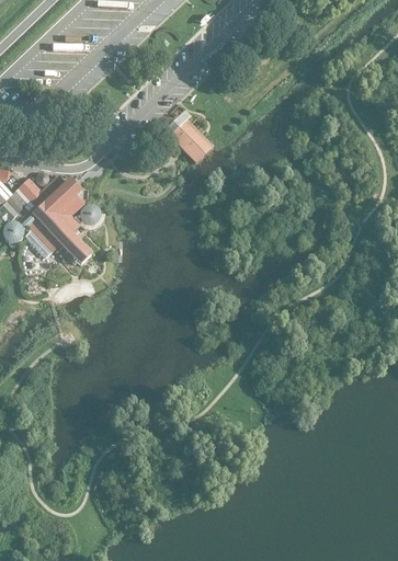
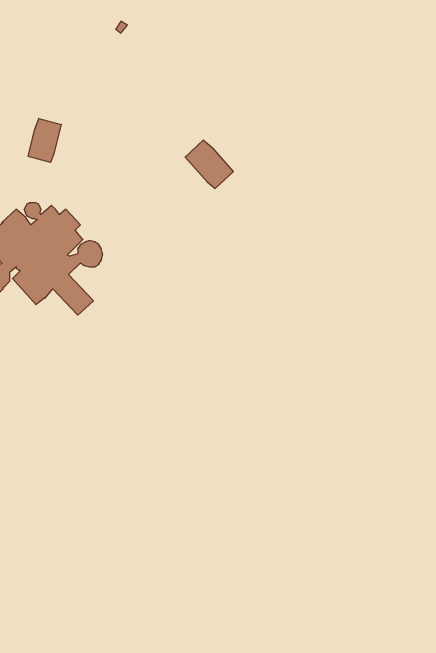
building: none -> [28,118,61,162]

